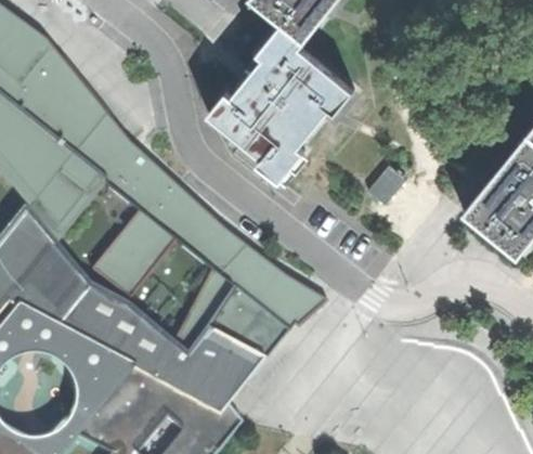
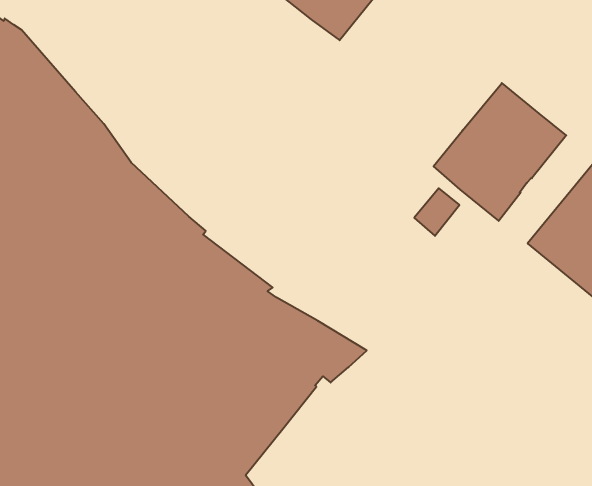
building: [208,23,353,180] -> none
building: none -> [434,83,566,221]

